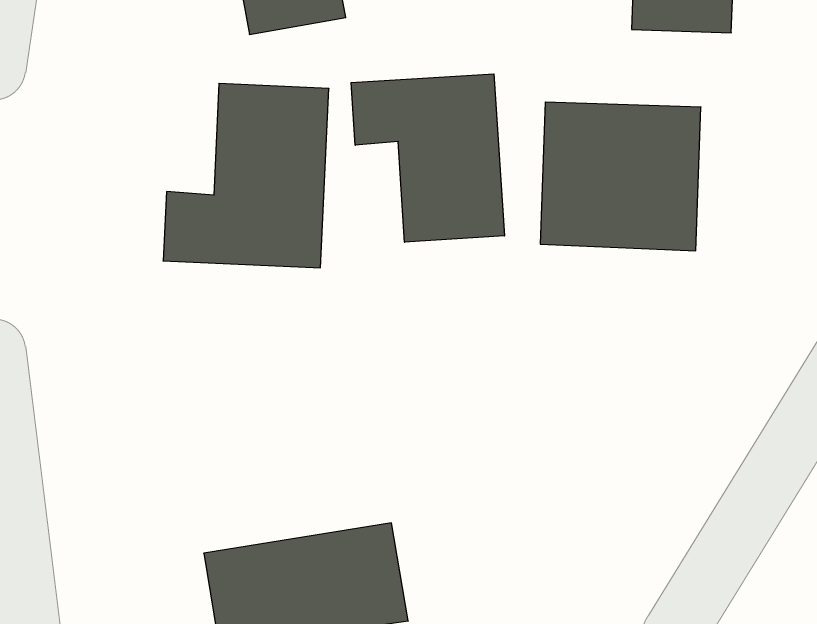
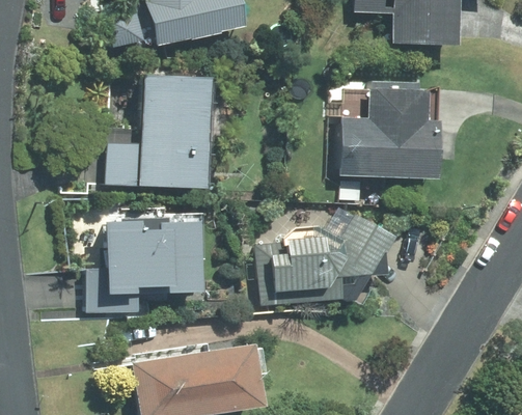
building: [351,74,504,242] -> none
building: none -> [264,215,395,304]
building: none -> [93,218,202,310]

